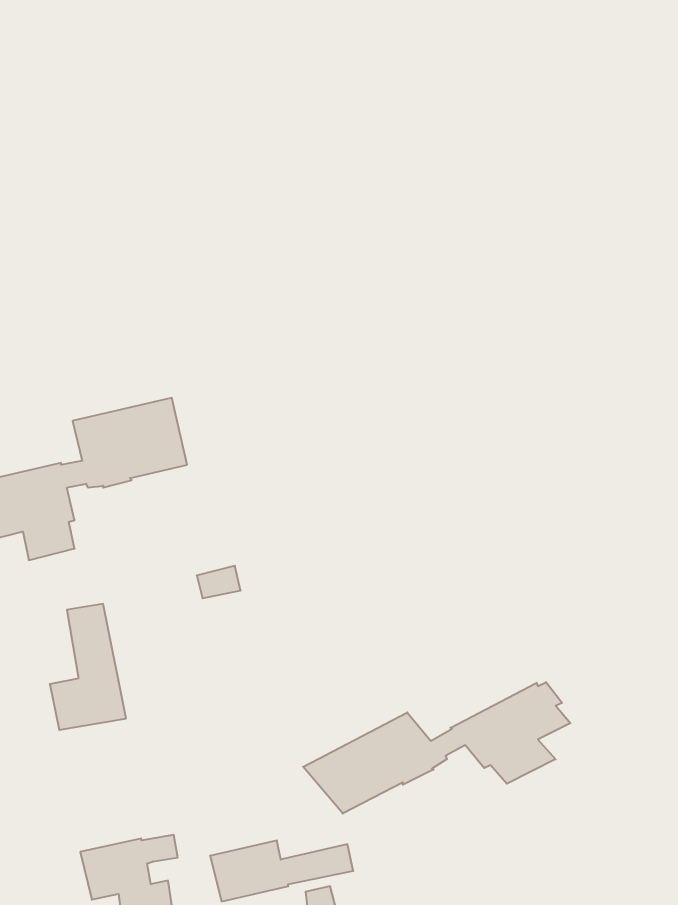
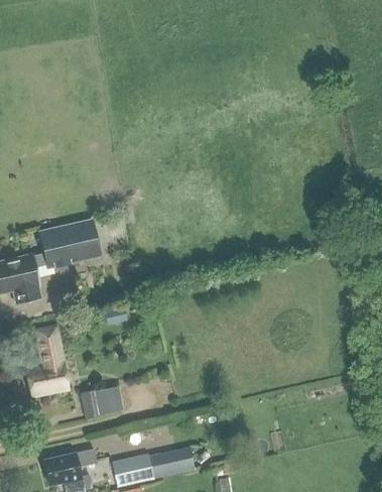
building: [303,682,570,814] -> none
building: none -> [82,389,125,417]

